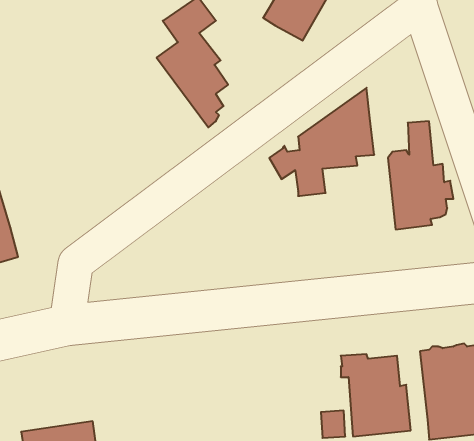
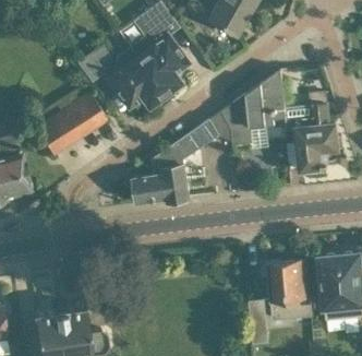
building: none -> [79,44,168,105]
building: none -> [36,93,106,154]
building: none -> [133,119,232,203]

